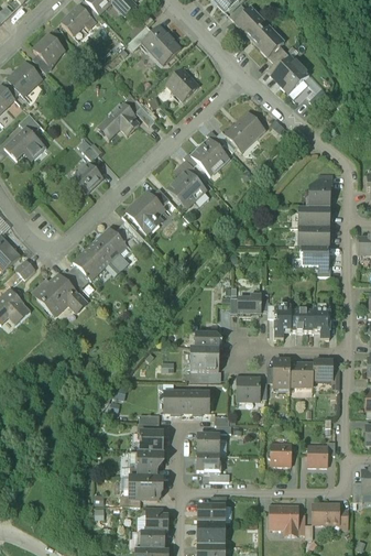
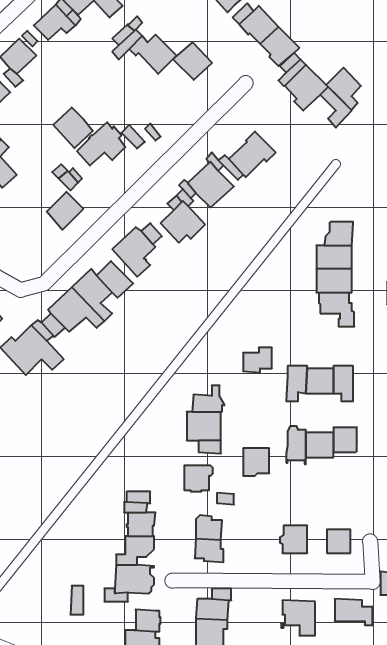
building: none -> [326,68,361,110]
building: [165,68,198,100] -> [173,42,212,80]
building: none -> [53,107,93,148]
building: [160,392,187,414] -> none

